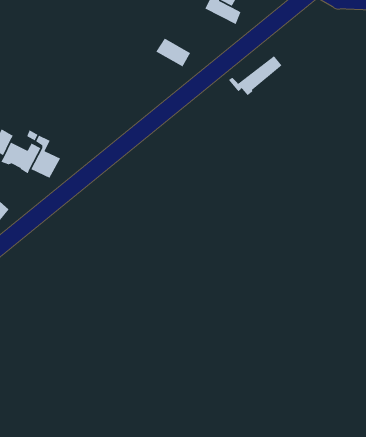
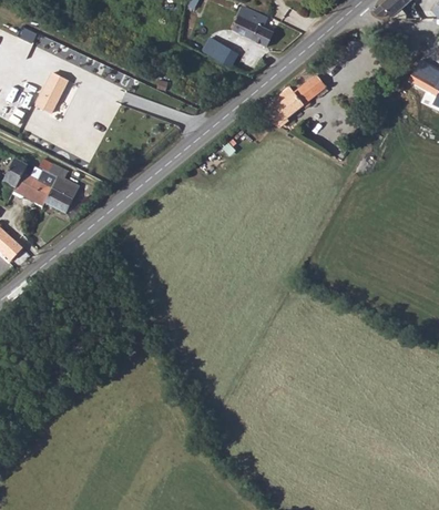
building: [155,38,191,67] -> [201,33,239,65]
building: none -> [37,70,68,110]

